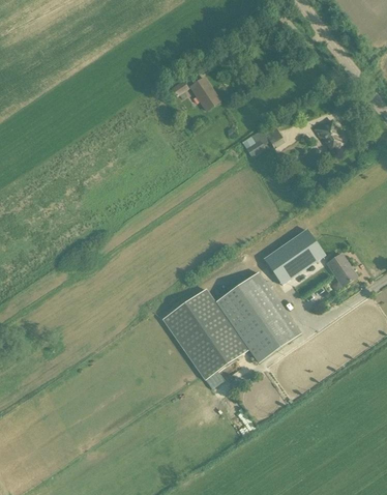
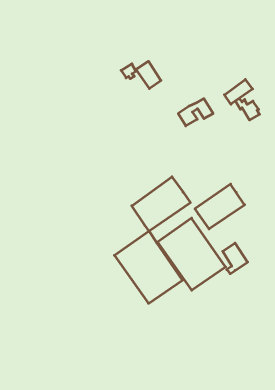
building: none -> [224,79,253,104]
building: none -> [132,177,190,231]
building: [326,253,357,291] -> [223,243,248,274]

